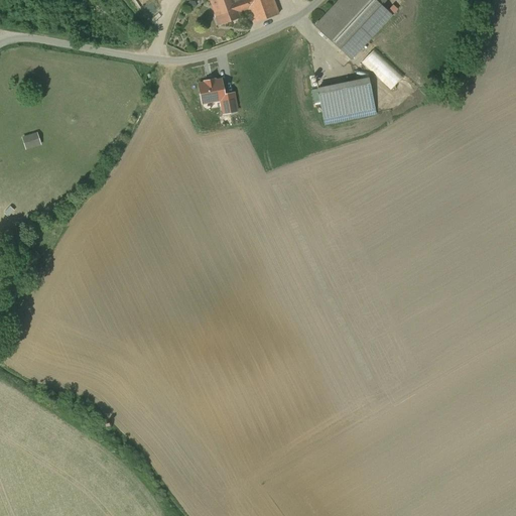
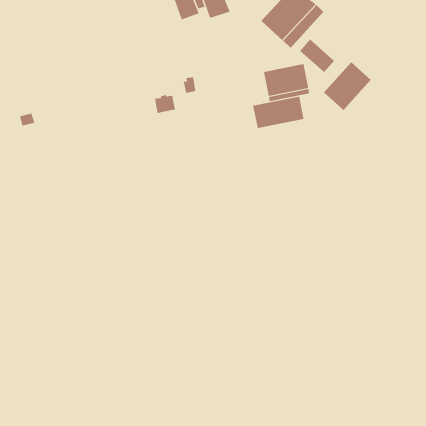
building: none -> [323,62,371,111]
building: [200,79,226,102] -> [154,94,176,114]
building: none -> [253,96,304,129]

